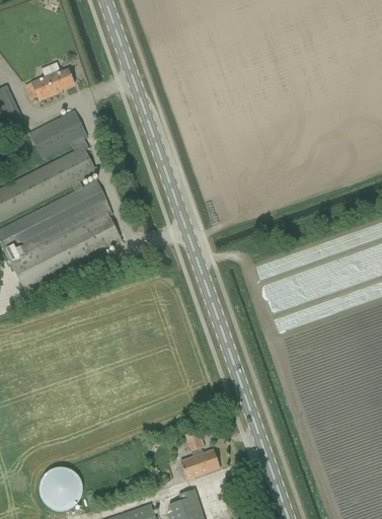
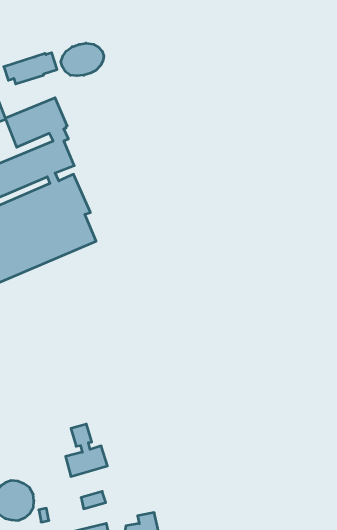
building: none -> [61,43,104,76]
building: [180,429,220,478] -> [66,424,107,476]

